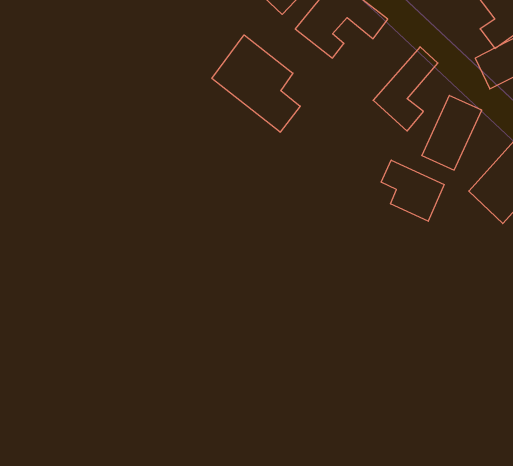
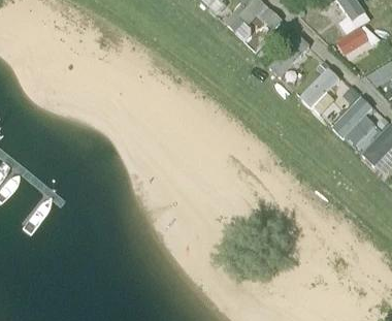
building: [212,35,300,132] -> none
building: [381,160,444,221] -> none

